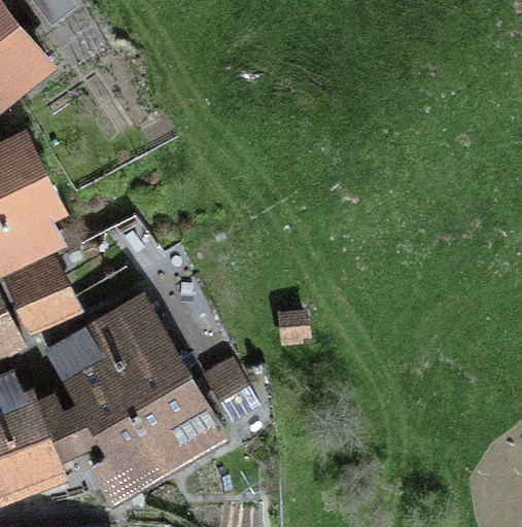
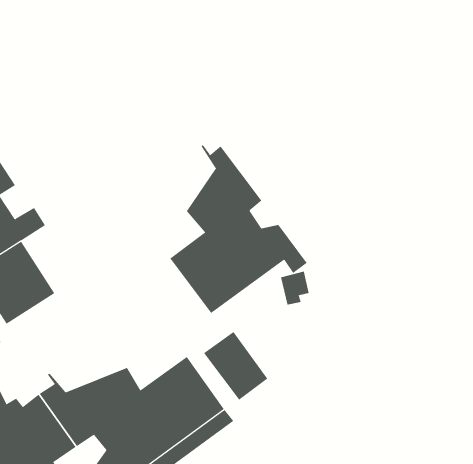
building: none -> [170,144,307,314]
building: [49,294,190,401] -> none

